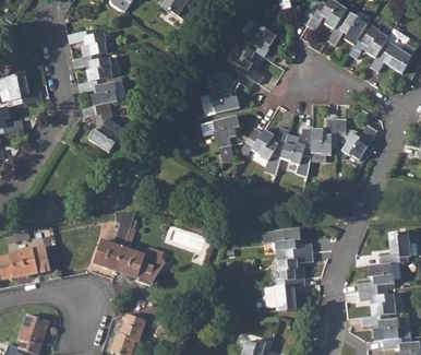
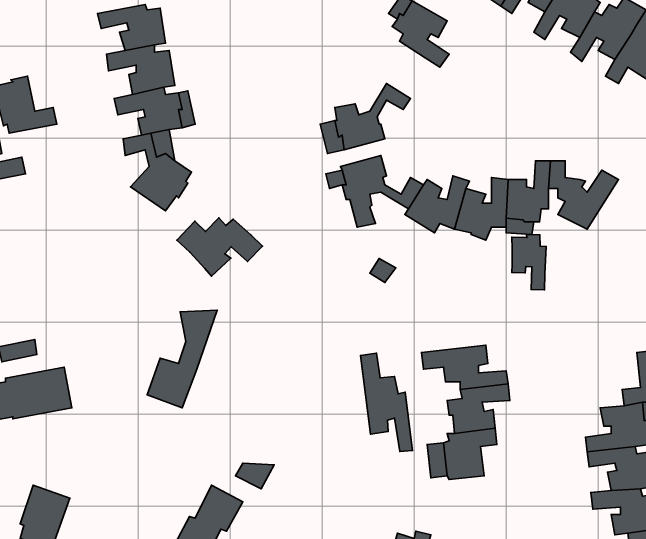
building: [229,46,263,86] -> none
building: none -> [177,218,263,276]
building: none -> [512,234,546,290]
building: none -> [361,353,412,452]
building: [118,244,167,282] -> none

